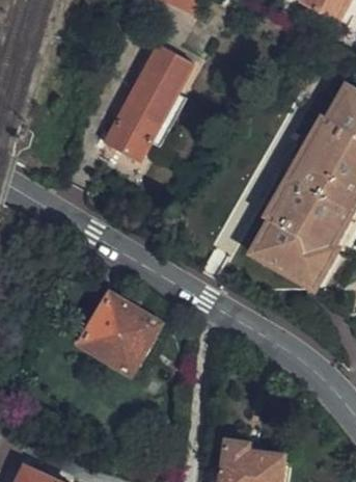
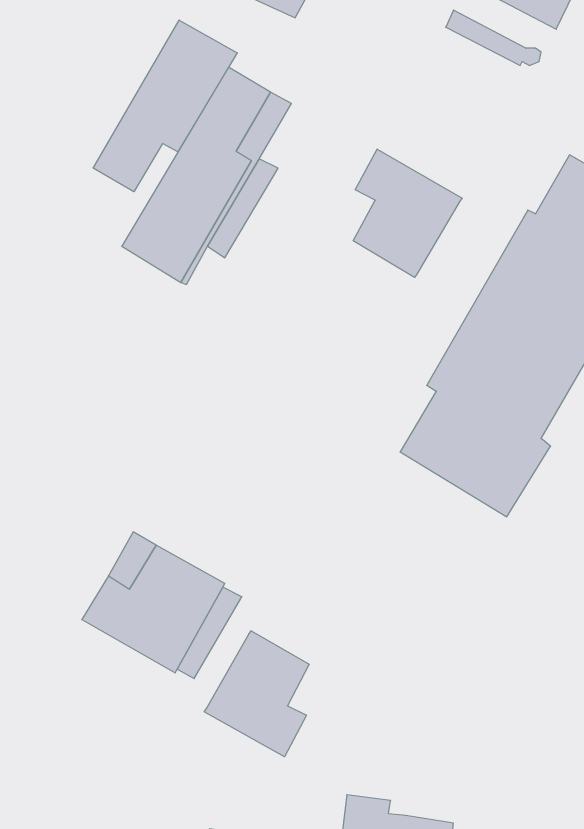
building: none -> [93,20,237,192]
building: none -> [353,149,462,277]
building: none -> [204,631,309,757]

